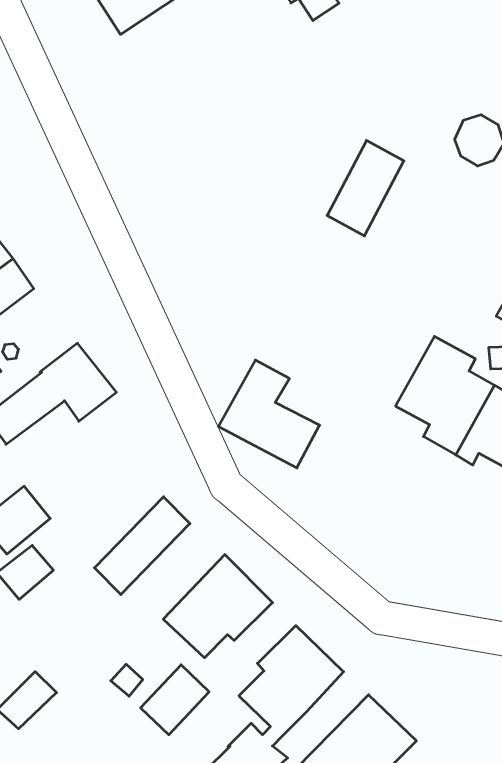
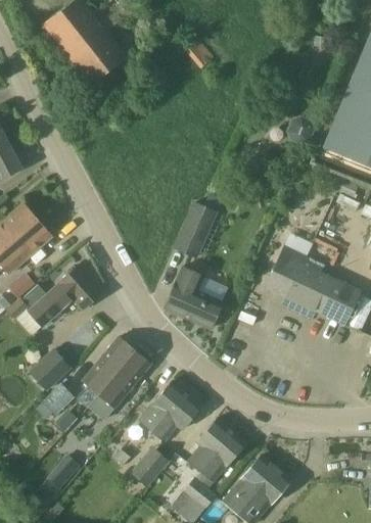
building: [327,140,404,236] -> [174,201,216,256]
building: none -> [82,336,135,393]

